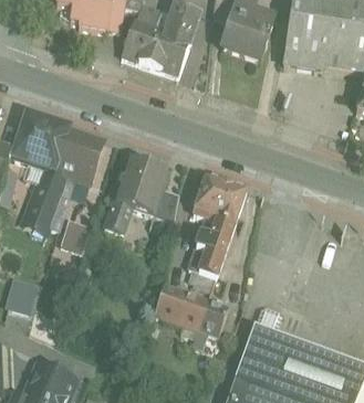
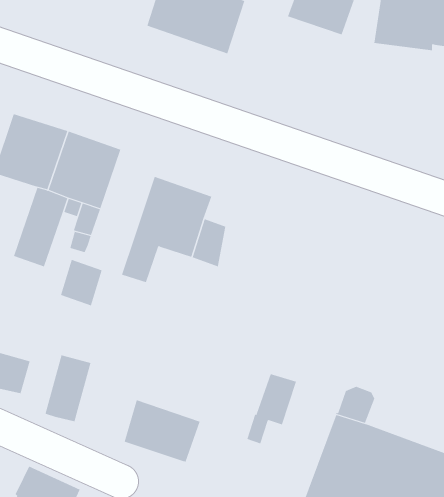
building: [190,174,245,287] -> none
building: [155,282,209,326] -> [124,399,200,462]
building: none -> [45,355,91,422]

